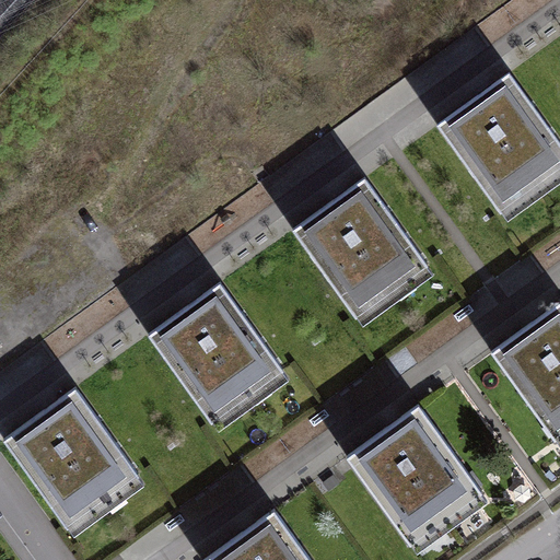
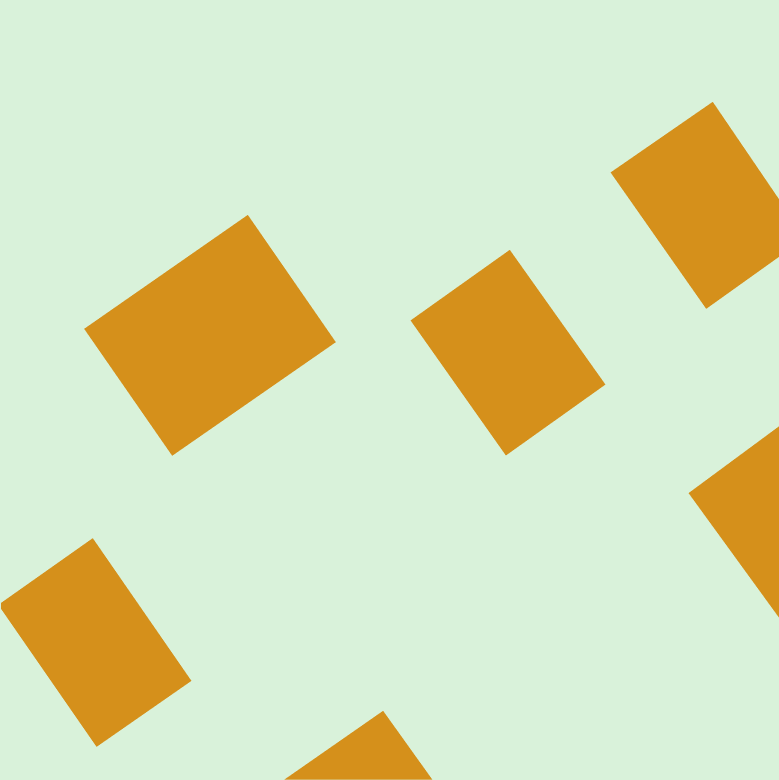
building: none -> [83,214,337,457]
building: [150,284,291,432] -> none
building: [350,405,489,549] -> none

